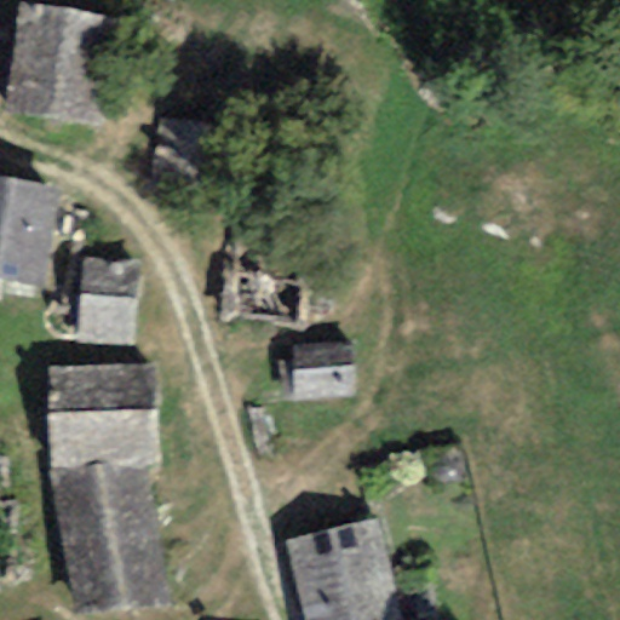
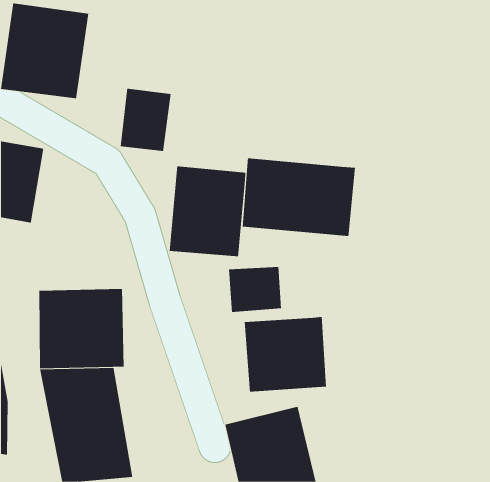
building: none -> [242,158,355,237]
building: [76,258,133,344] -> none
building: none -> [244,316,327,392]

